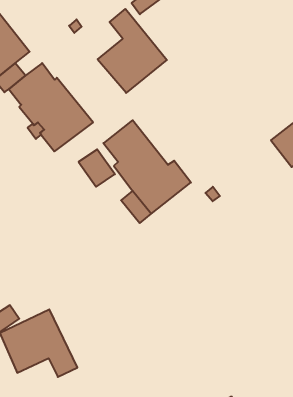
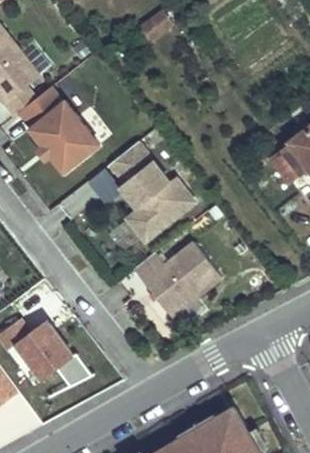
building: [98,9,167,93] -> none
building: none -> [133,242,221,318]

